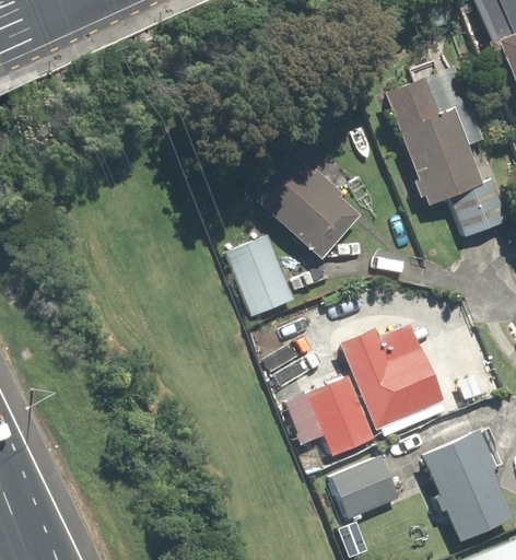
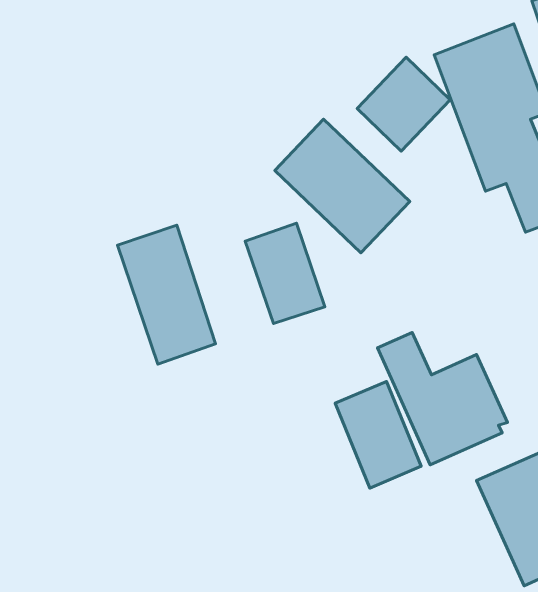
building: none -> [357,57,450,151]
building: none -> [118,225,215,364]
building: [335,455,426,518] -> none

